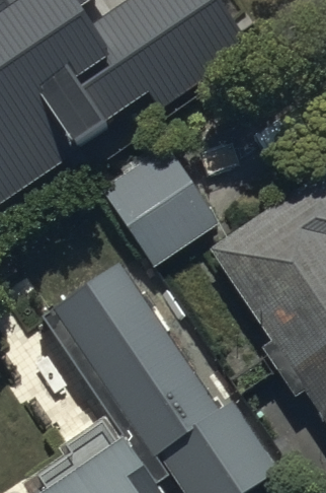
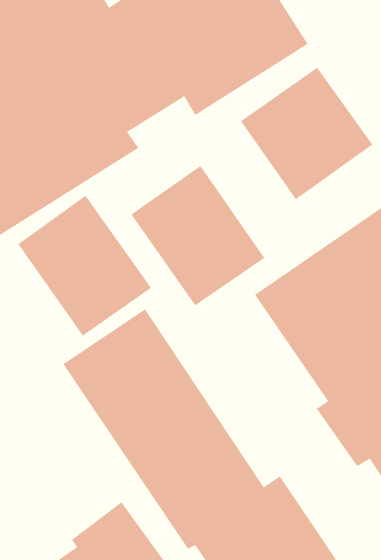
building: none -> [240,67,373,200]
building: none -> [18,195,152,337]

